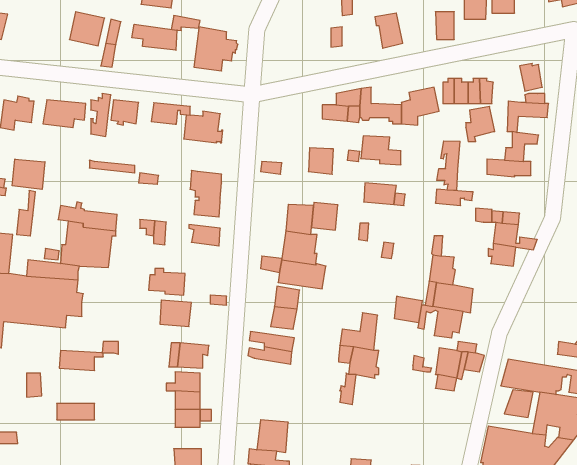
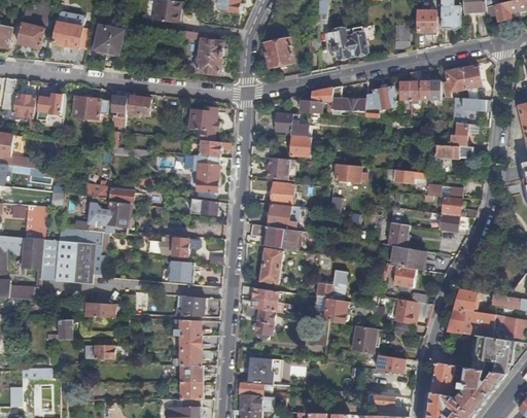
building: none -> [52,21,81,47]
building: none -> [325,29,350,57]
building: [132,24,177,50] -> none
building: none -> [262,38,293,66]
building: [151,103,190,124] -> [199,140,231,158]
building: [466,106,495,142] -> [443,69,466,98]
building: [361,136,401,165] -> [275,113,308,137]
building: [437,141,460,190] -> none
building: [12,159,45,189] -> none
building: [311,202,338,230] -> [267,158,288,180]
building: [395,296,422,323] -> none
building: none -> [244,308,275,339]
building: none -> [352,326,376,354]
building: [504,390,533,417] -> [453,289,477,312]
building: none -> [376,355,406,374]
building: none -> [179,364,202,382]

